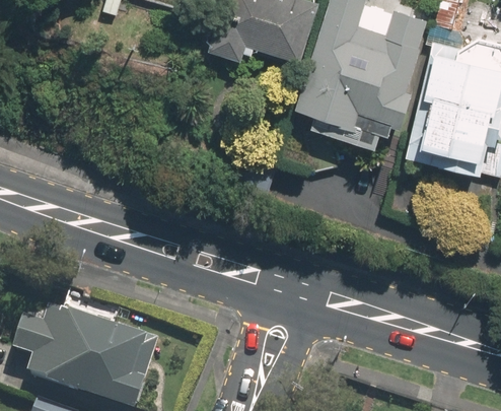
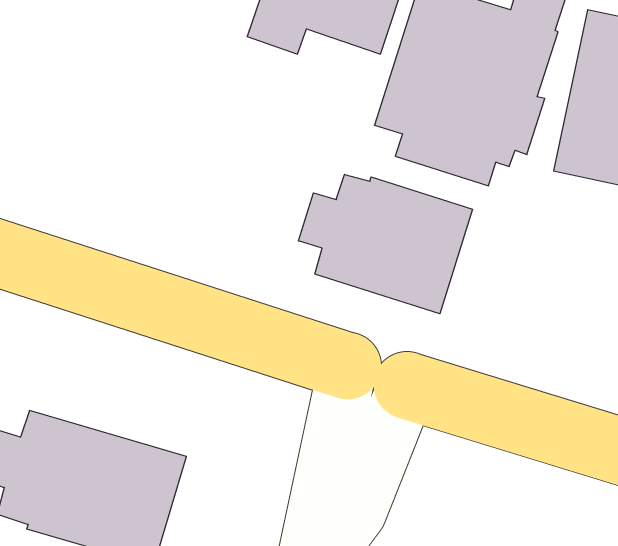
building: none -> [298,174,473,314]

